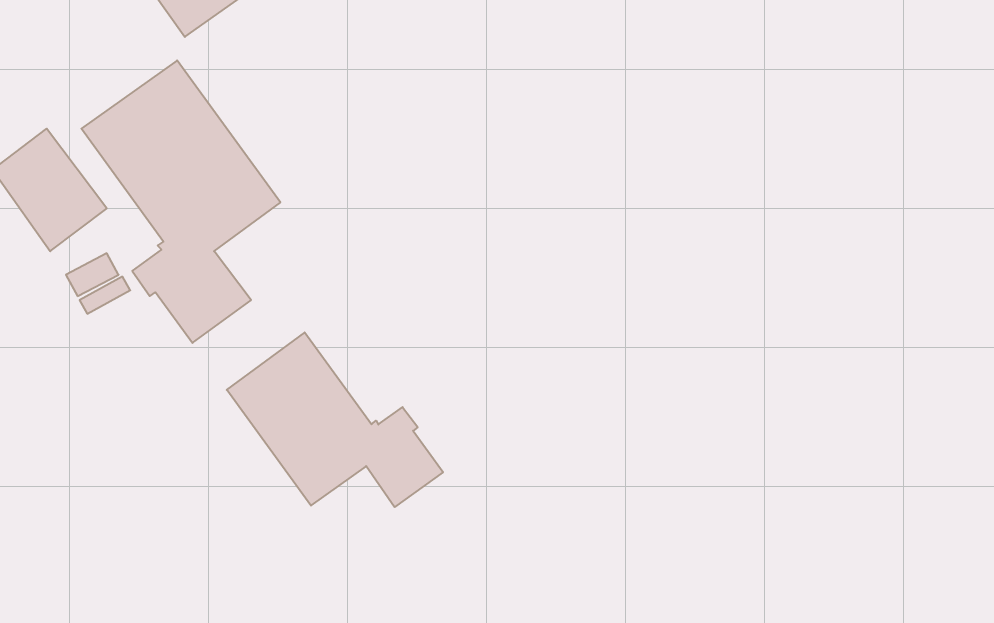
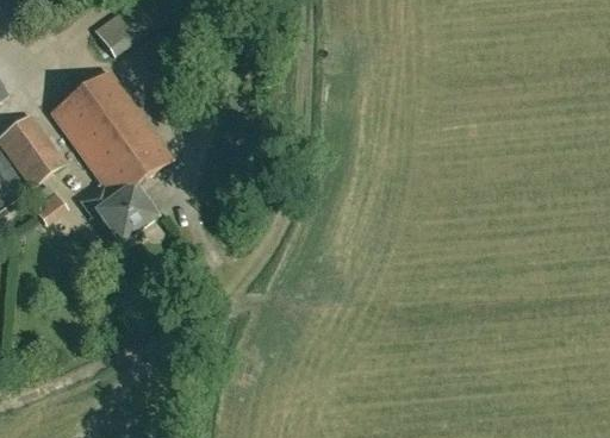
building: [227,332,443,507] -> none

